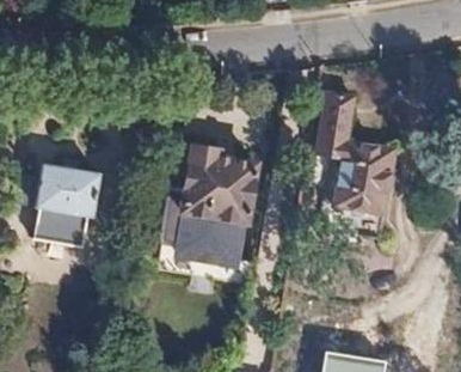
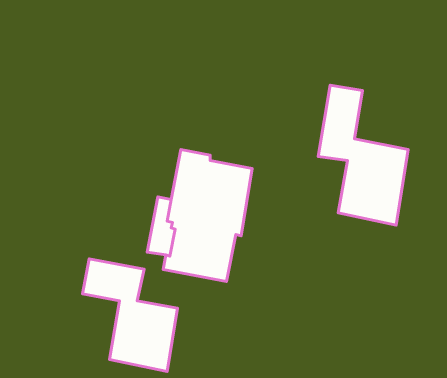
building: [37,167,99,232] -> none
building: none -> [82,259,178,371]

